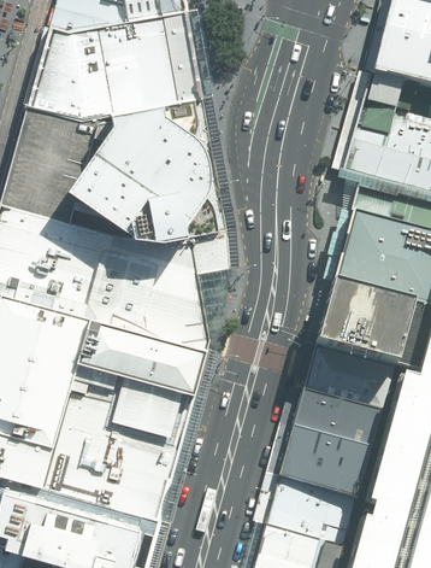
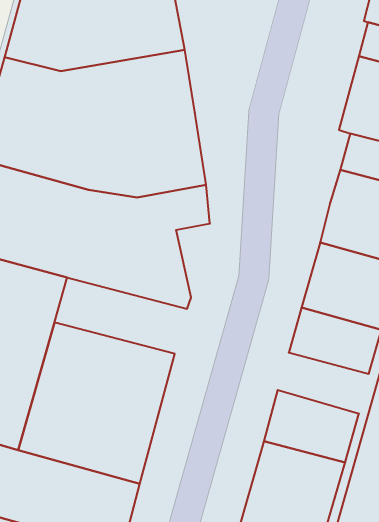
building: [77,320,205,393] -> none
building: [291,392,379,451] -> none

